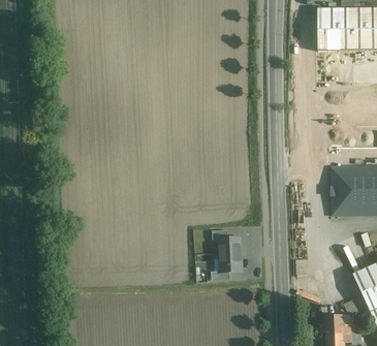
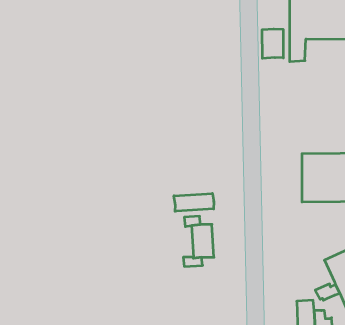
building: none -> [262,29,283,58]
building: none -> [174,193,214,211]

